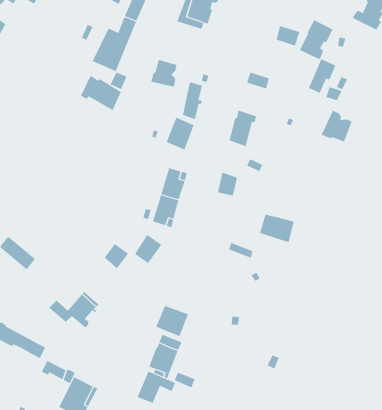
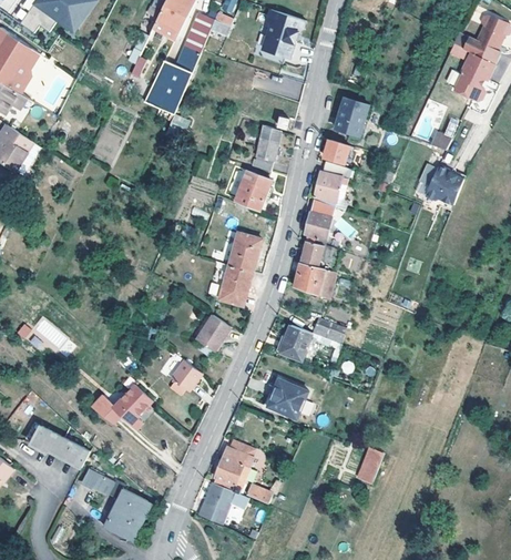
building: [299,20,334,59] -> [453,52,495,101]
building: [276,26,300,46] -> [338,96,368,122]
building: [151,59,177,87] -> none
building: [80,75,121,111] -> none
building: none -> [323,139,349,164]
building: none -> [303,198,334,245]
building: [259,214,294,243] -> [292,263,335,298]
building: none -> [279,324,310,360]
building: [104,243,129,269] -> [170,360,201,393]
building: [156,305,189,337] -> [266,379,307,418]

